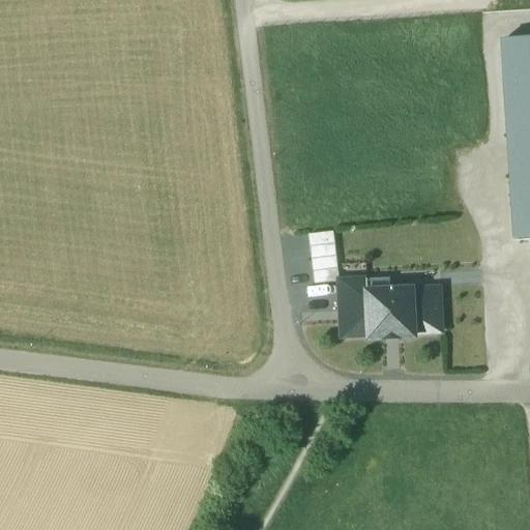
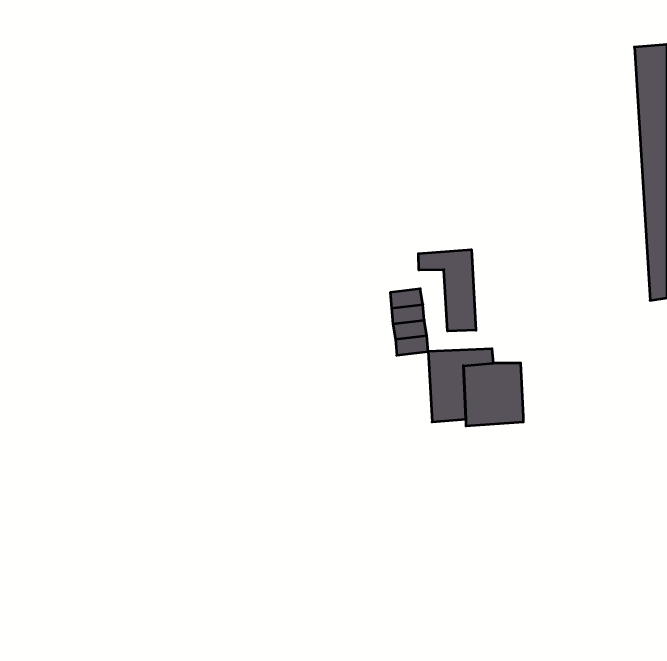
building: none -> [418,250,476,331]
building: [413,286,442,330] -> none

